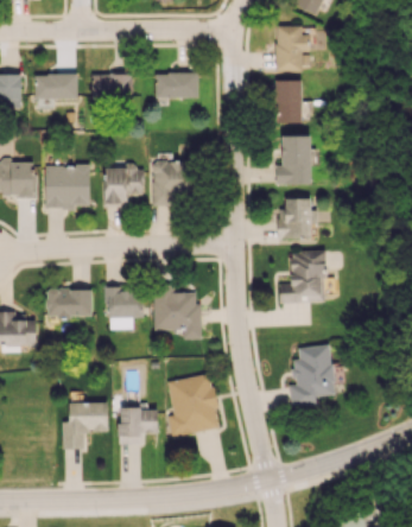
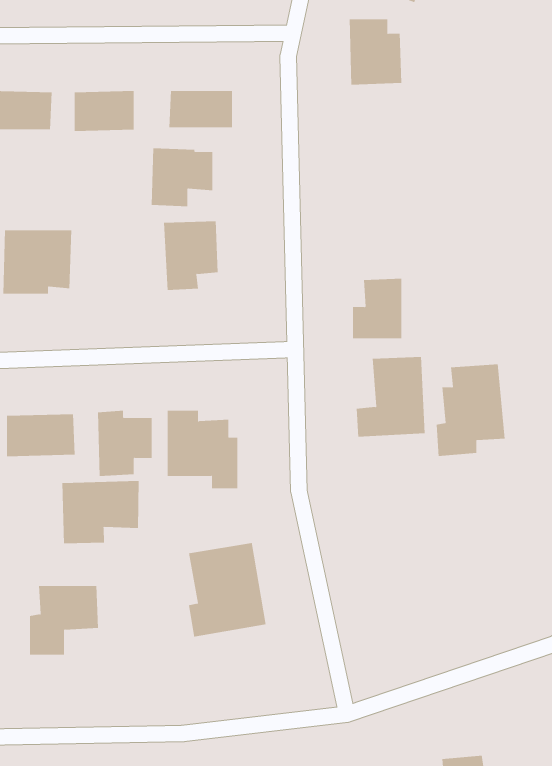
building: [275,80,302,123] -> none
building: [275,135,311,185] -> none
building: [102,167,144,207] -> [151,148,213,207]
building: none -> [62,480,139,544]
building: [289,345,335,407] -> [436,364,506,457]
building: [119,408,158,445] -> none

